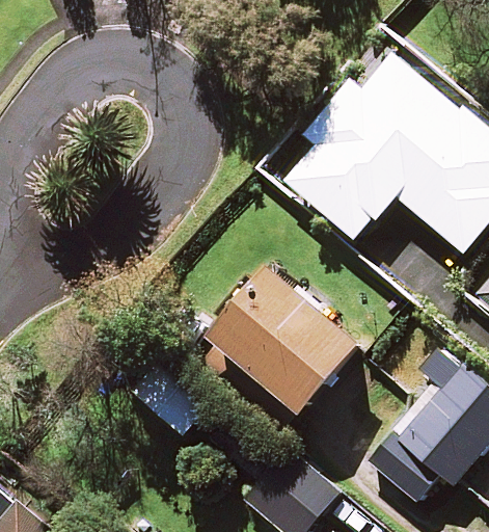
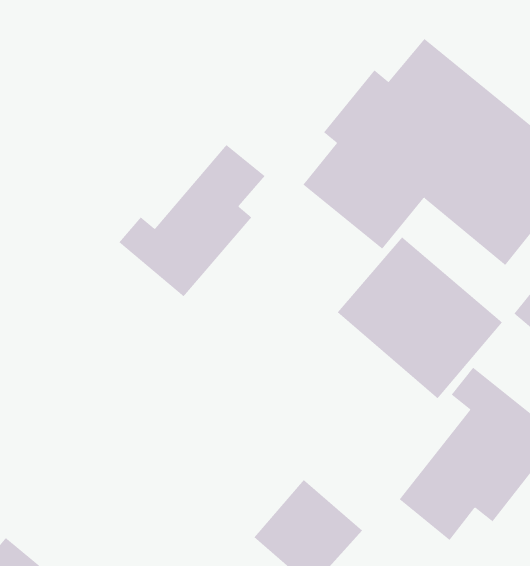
building: none -> [118,144,265,297]
building: [213,268,361,414] -> [337,237,503,399]

